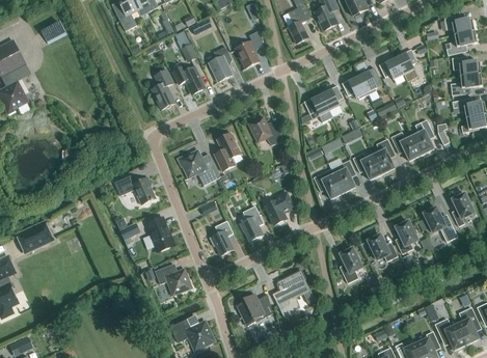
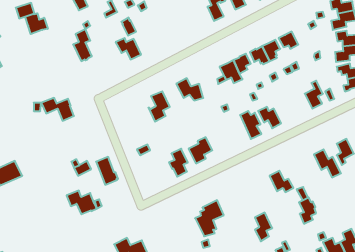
building: [236,29,263,68] -> none
building: none -> [25,13,48,34]
building: [209,46,233,81] -> none
building: [396,49,418,81] -> none
building: [152,68,175,109] -> [73,29,92,61]
building: [391,132,422,161] -> none
building: [373,138,396,173] -> none
building: [179,149,221,185] -> none
building: [315,169,344,198] -> none
building: [114,175,156,204] -> [41,98,74,121]
building: [211,220,234,254] -> none
building: [396,220,417,253] -> [299,197,316,224]
building: [341,247,362,283] -> [255,213,272,241]
building: [155,265,193,295] -> [67,191,97,214]
building: [238,294,273,326] -> none

